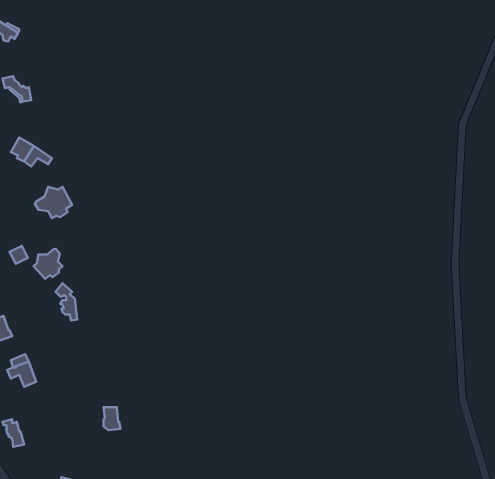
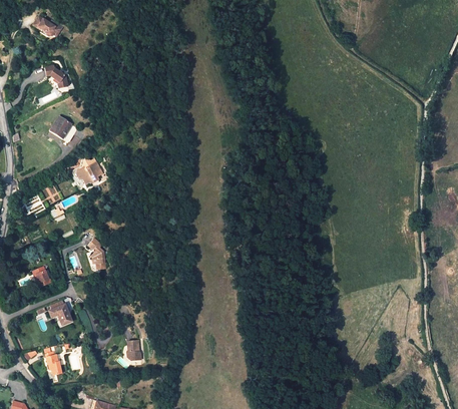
building: [34,249,62,279] -> none

